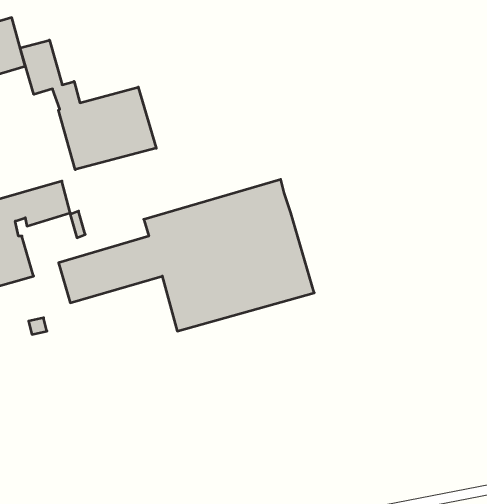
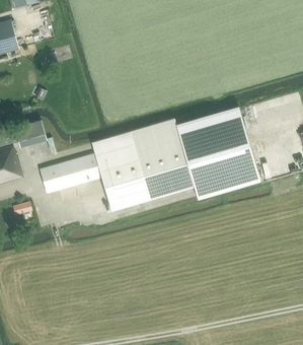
building: [20,40,156,170] -> none
building: none -> [175,109,259,199]

